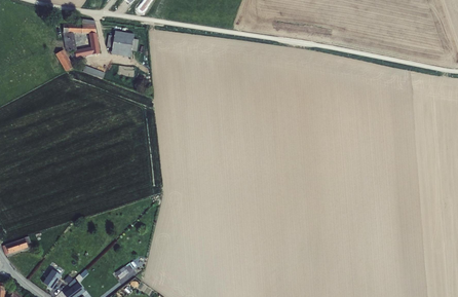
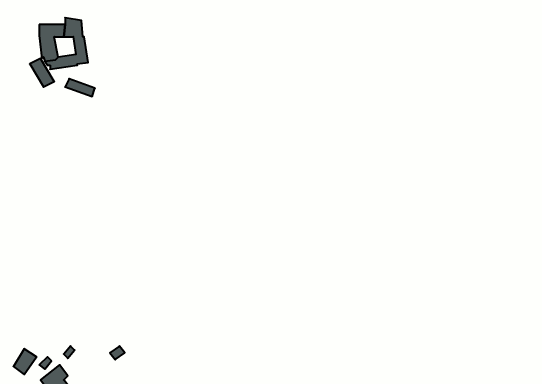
building: [107,31,139,57] -> none

